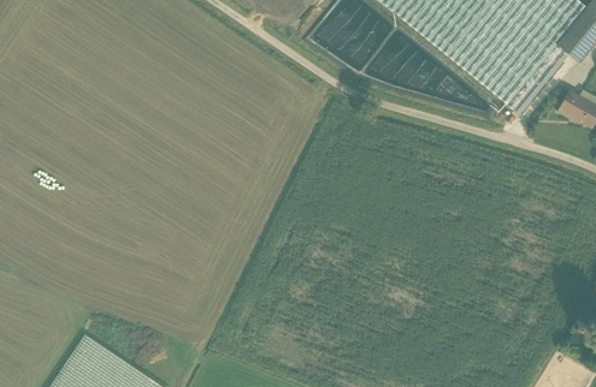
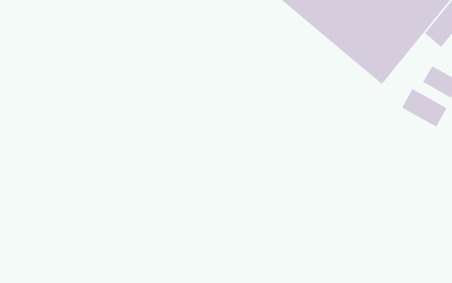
building: none -> [402,88,447,127]

